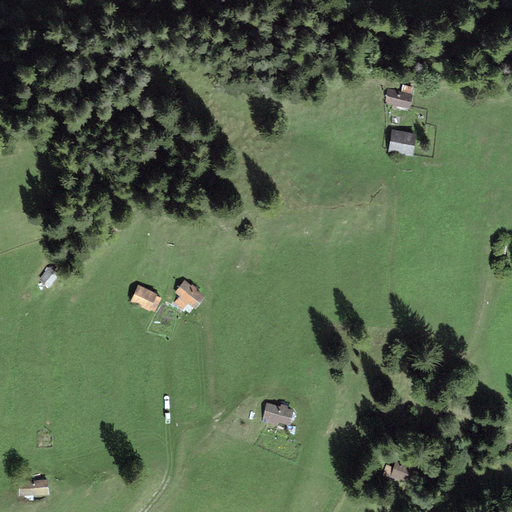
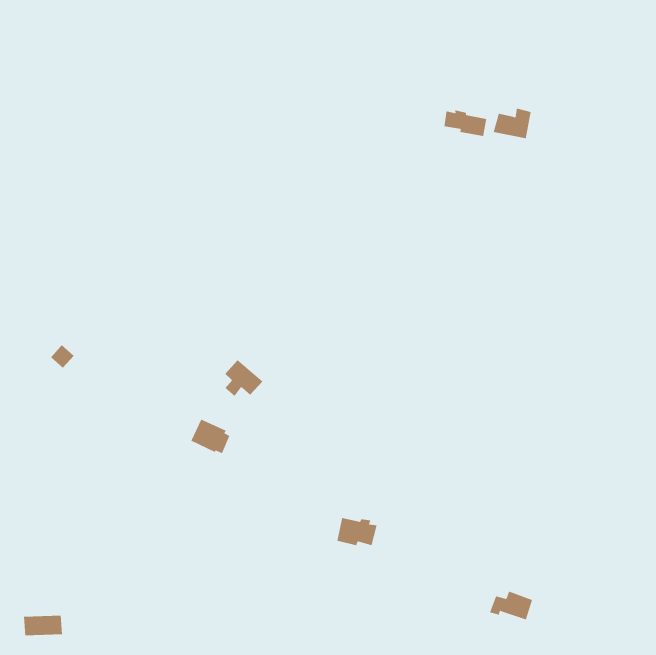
building: none -> [444,109,487,137]
building: [388,129,416,156] -> none
building: [130,284,161,311] -> [190,419,230,454]

